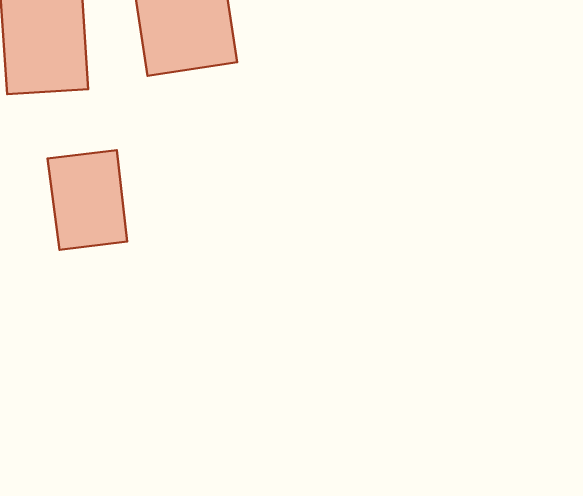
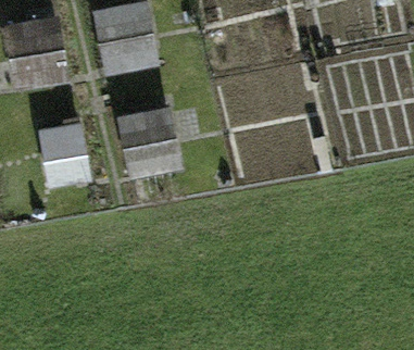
building: none -> [121,110,180,178]

